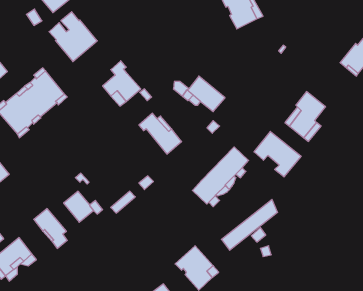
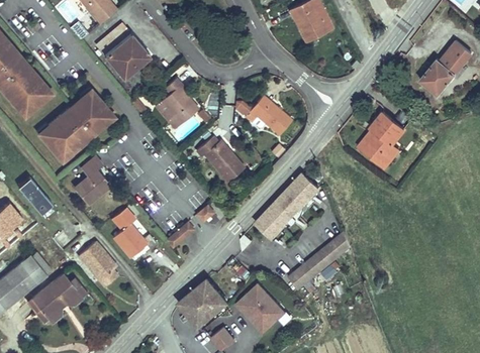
building: [254,131,301,177] -> none
building: none -> [75,156,109,203]
building: none -> [178,278,226,325]

